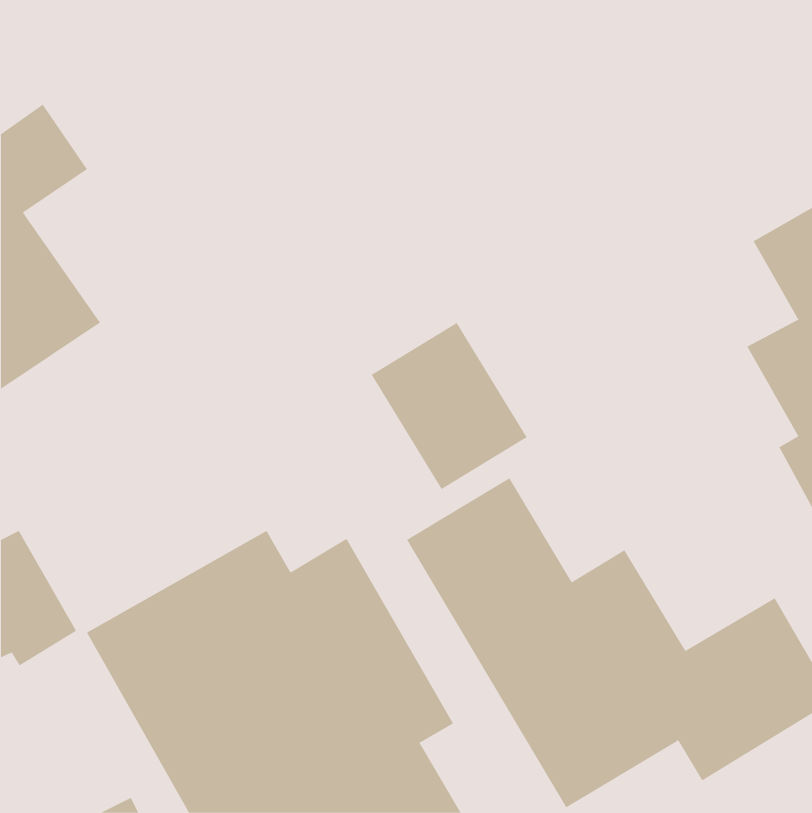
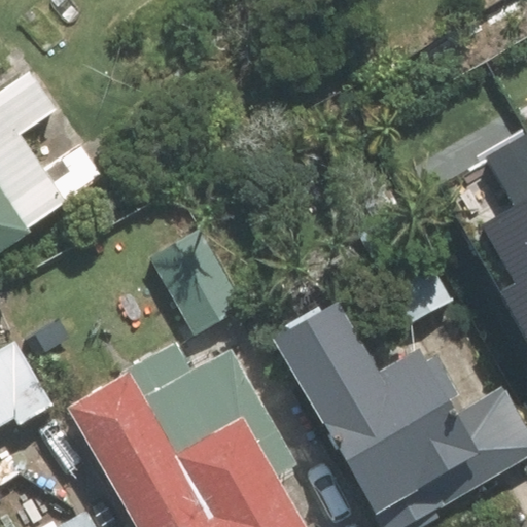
building: [371,322,528,490] -> [146,230,247,338]

